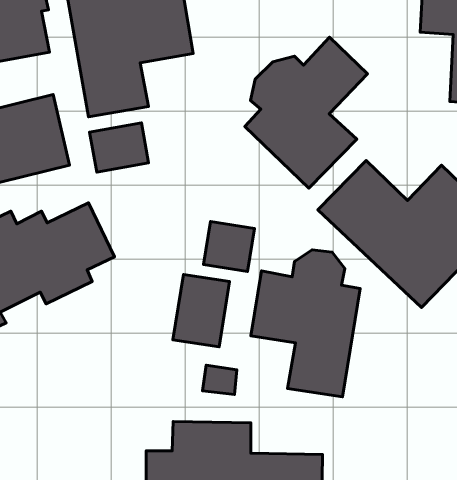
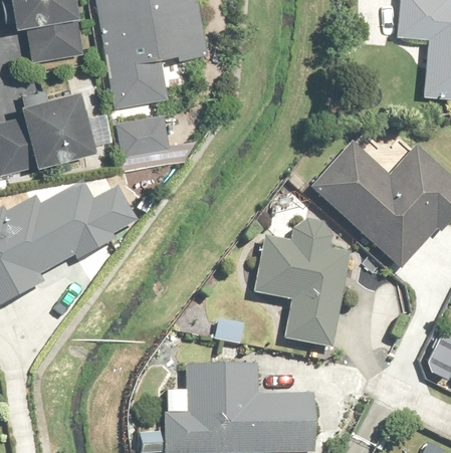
building: [245,37,368,188] -> none
building: [204,221,254,272] -> none
building: [173,274,230,347] -> none

